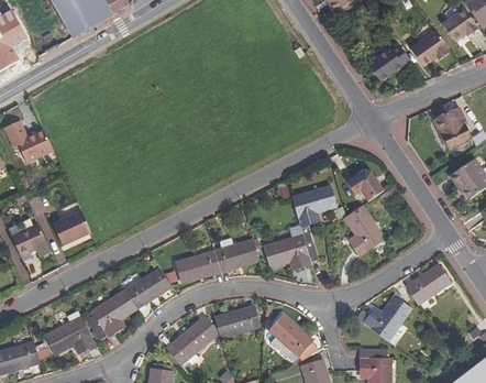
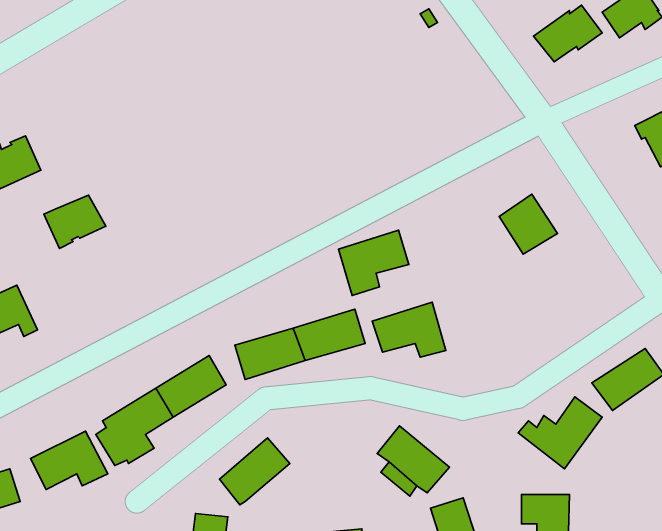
building: [291,185,336,227] -> [338,230,409,296]
building: [345,207,385,258] -> none
building: [52,211,91,245] -> [44,195,106,248]
building: [213,306,259,338] -> none

